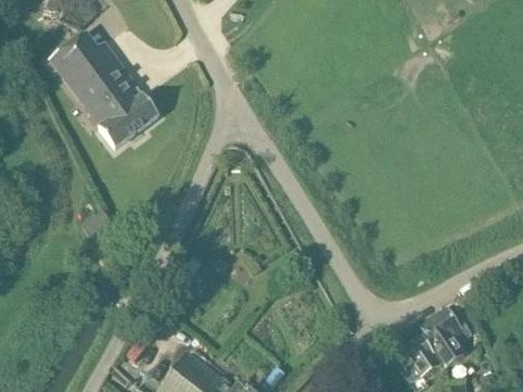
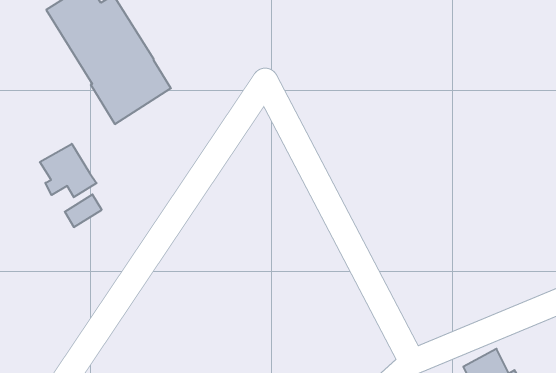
building: none -> [40,144,97,197]

